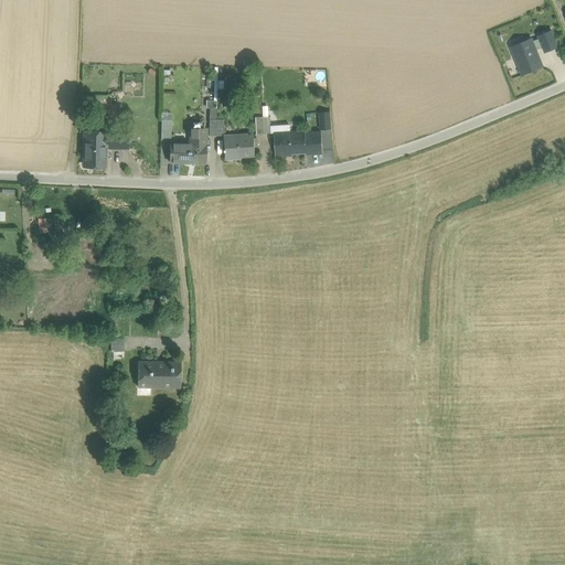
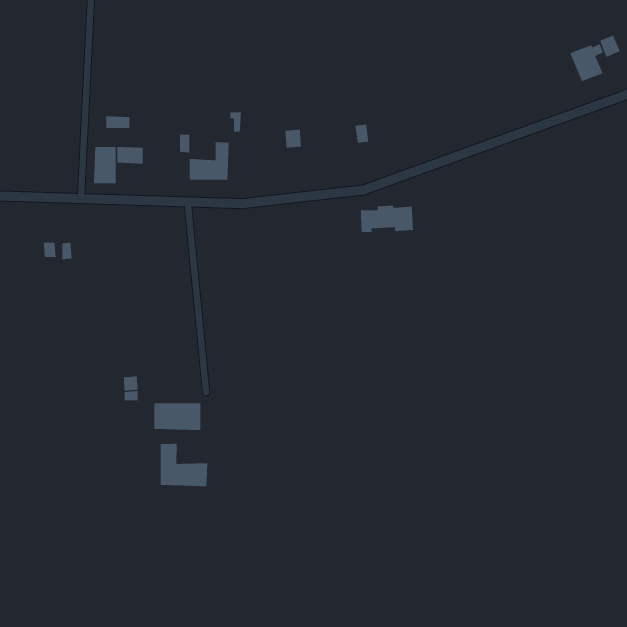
building: [275,130,323,156] -> [360,205,414,233]
building: [223,134,255,159] -> none
building: none -> [160,443,208,487]

